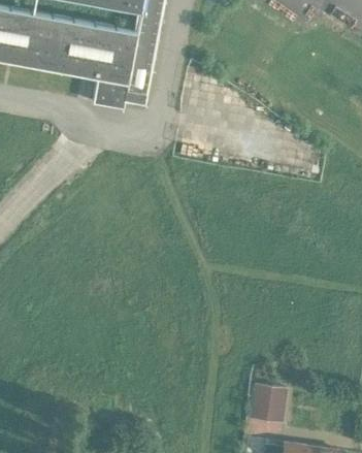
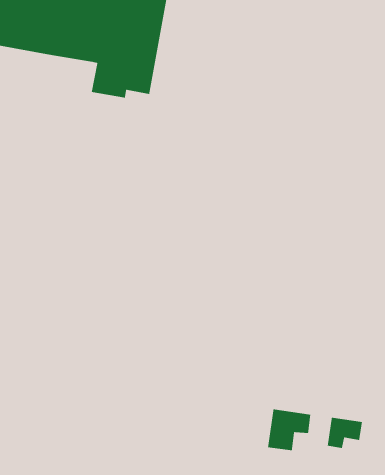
building: none -> [327,417,363,449]

